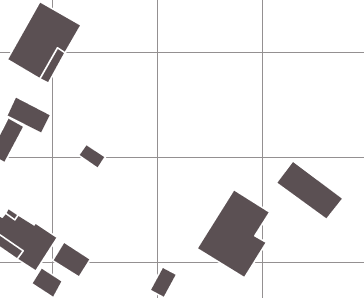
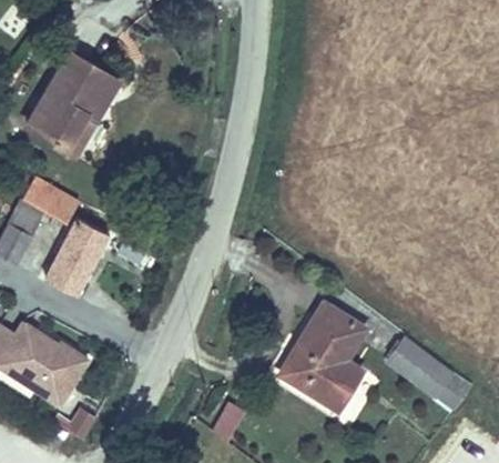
building: none -> [48,219,110,294]
building: [276,161,343,220] -> [381,333,470,411]
building: [53,242,91,277] -> none

